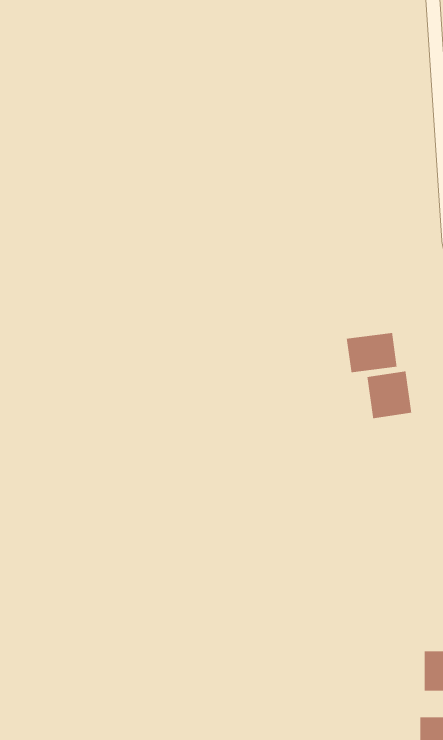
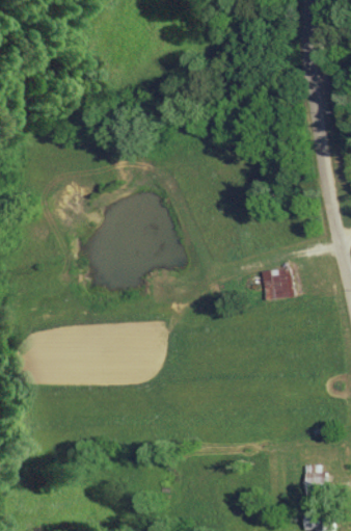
building: [346,332,398,373] -> none

